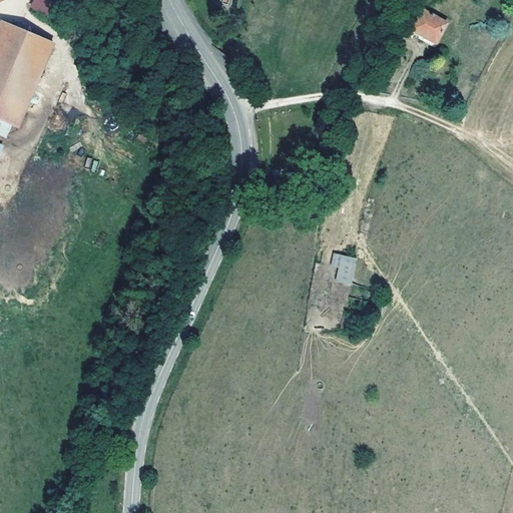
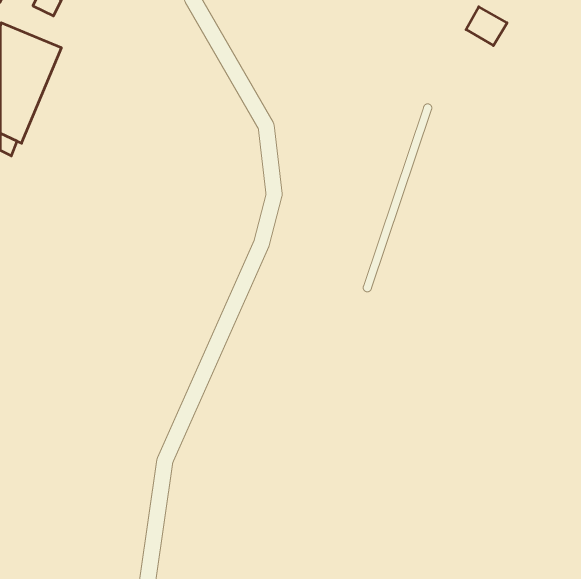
building: [331,250,356,285] -> none

